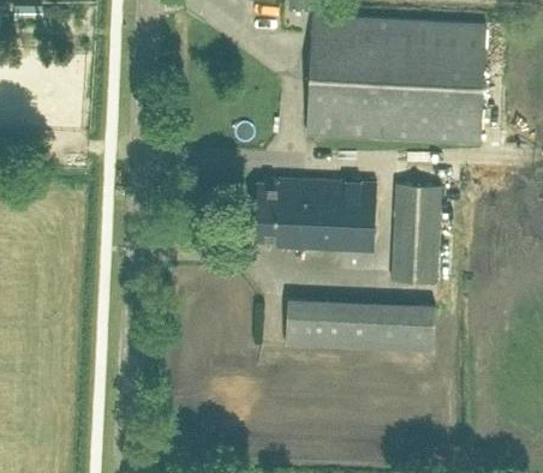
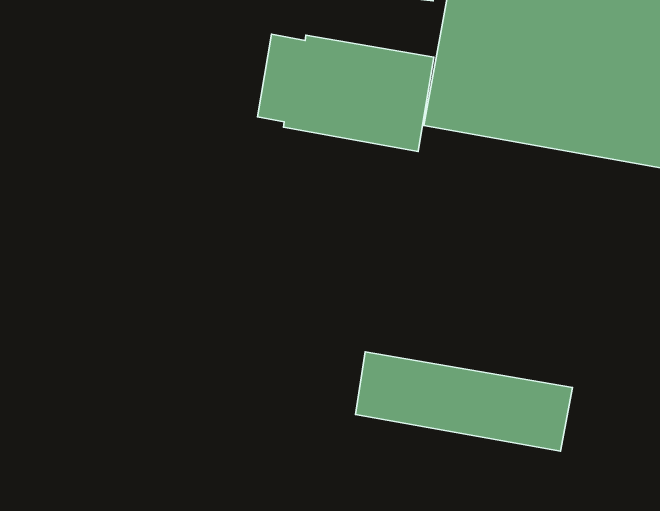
building: [256,180,374,251] -> [257,34,434,151]
building: [390,184,441,282] -> none

